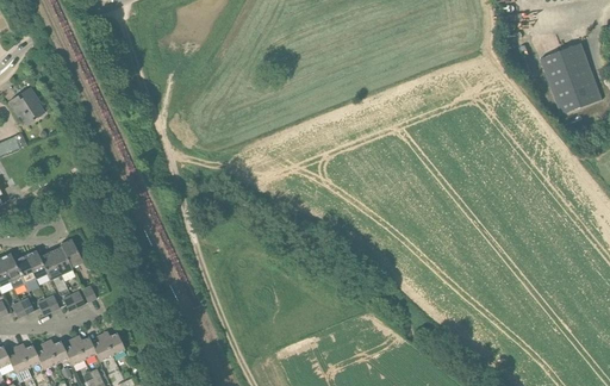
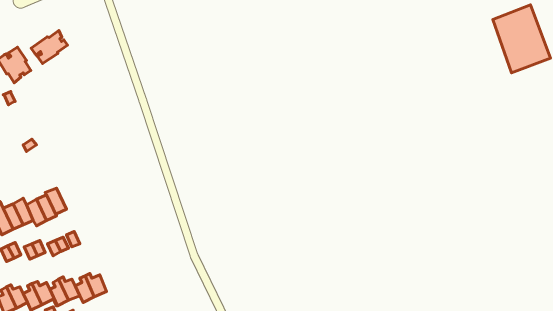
building: none -> [31,31,67,64]

